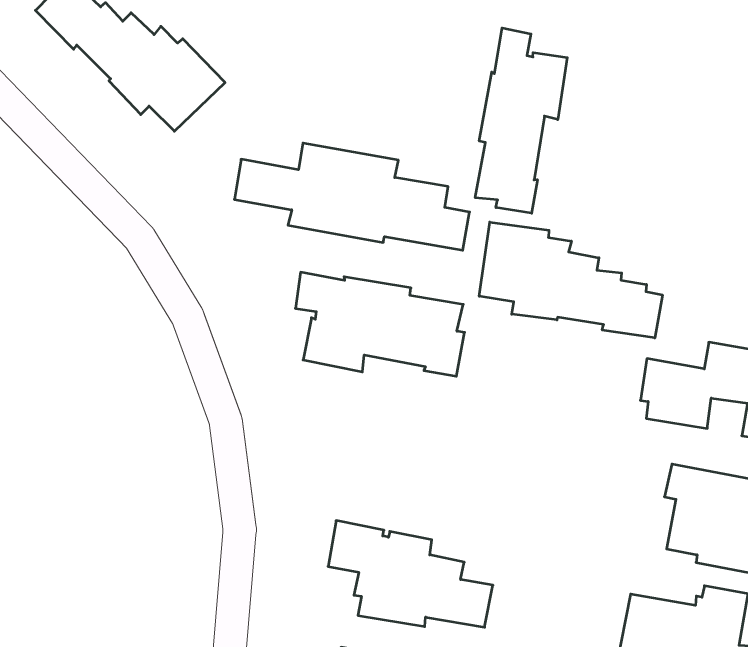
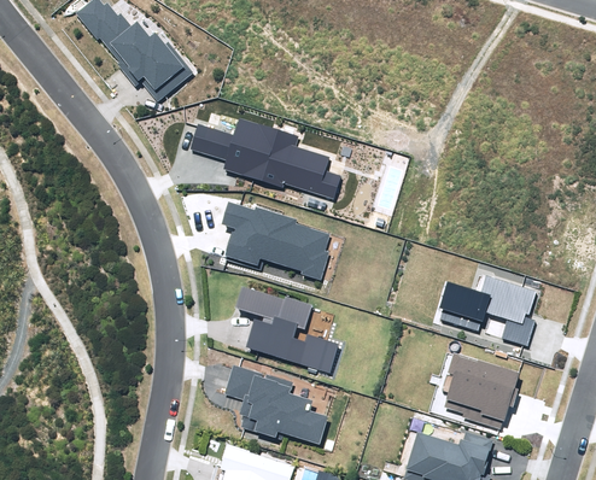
building: [475,28,567,213] -> none
building: [479,222,662,338] -> none
building: none -> [236,286,339,373]

